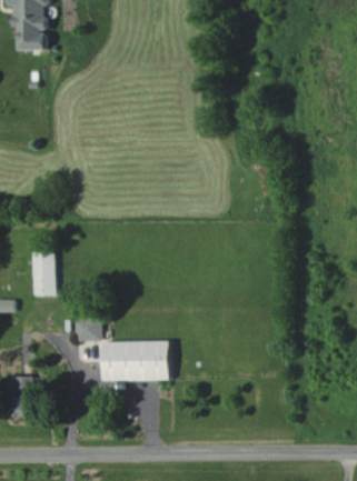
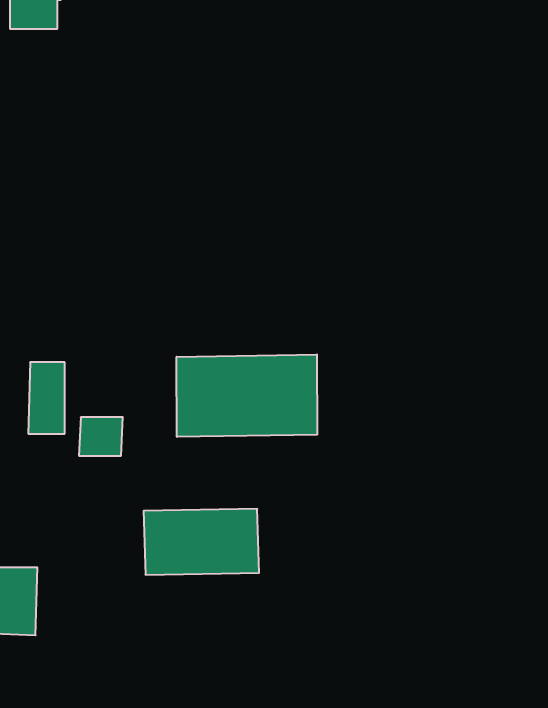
building: none -> [177,354,317,437]
building: [72,318,99,341] -> [79,417,123,456]

